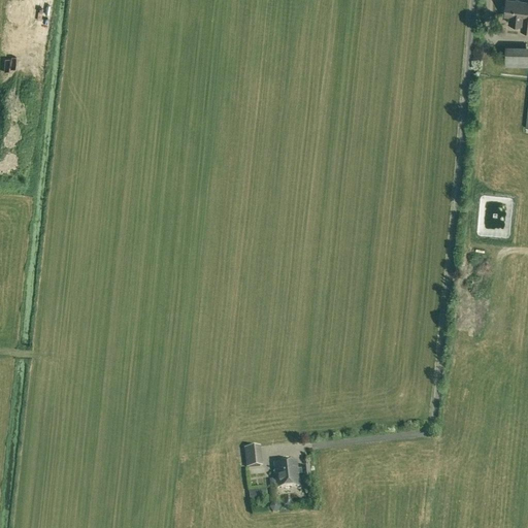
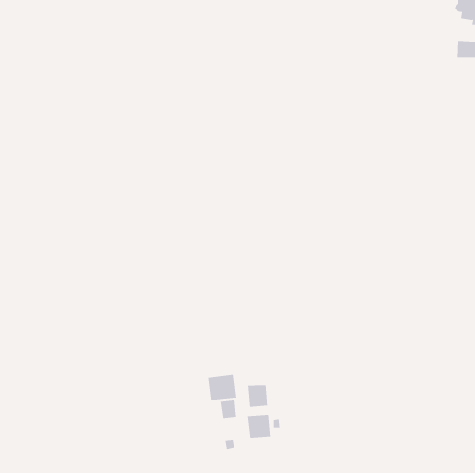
building: none -> [208,374,237,401]
building: none -> [247,384,268,407]

